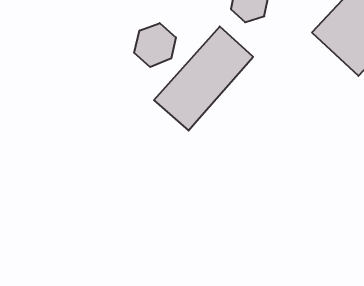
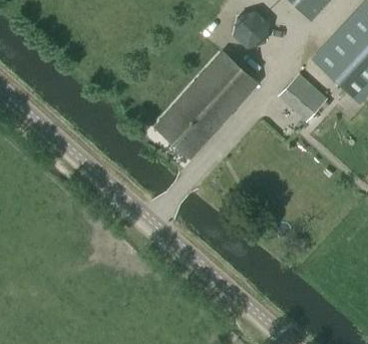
building: [134,23,176,67] -> none
building: none -> [280,74,326,120]

